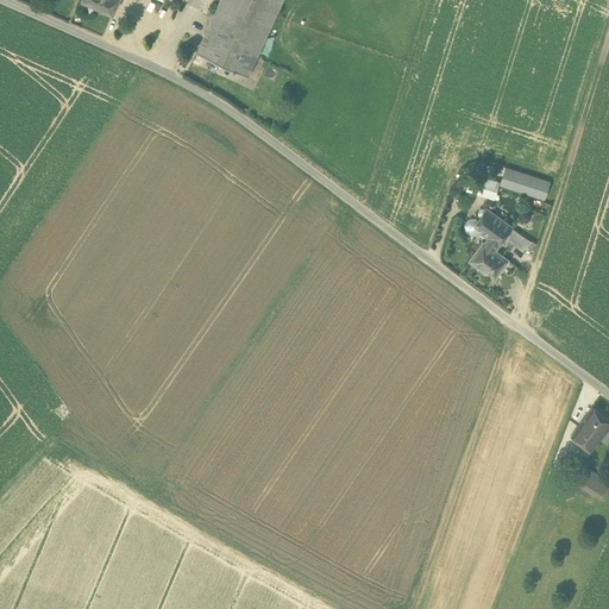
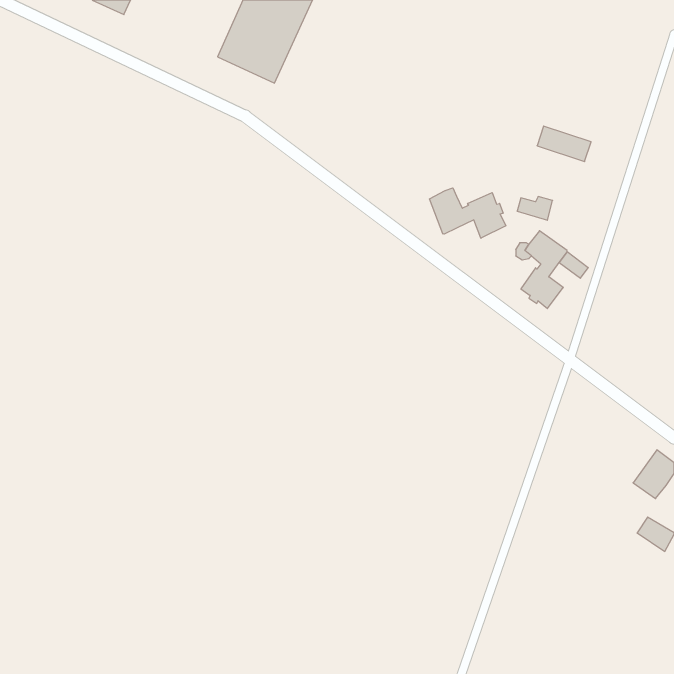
building: [501,167,550,199] -> [537,126,591,162]
building: none -> [430,188,506,238]

